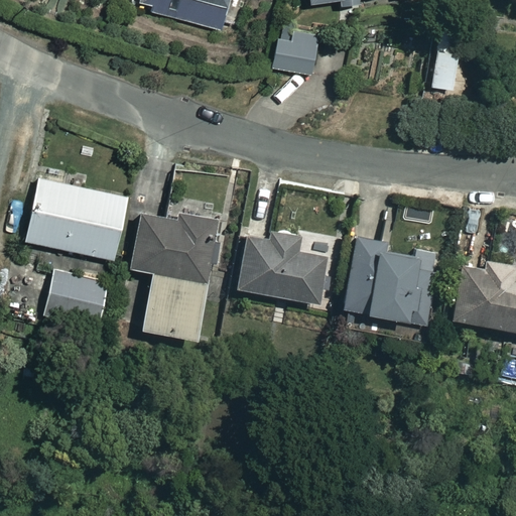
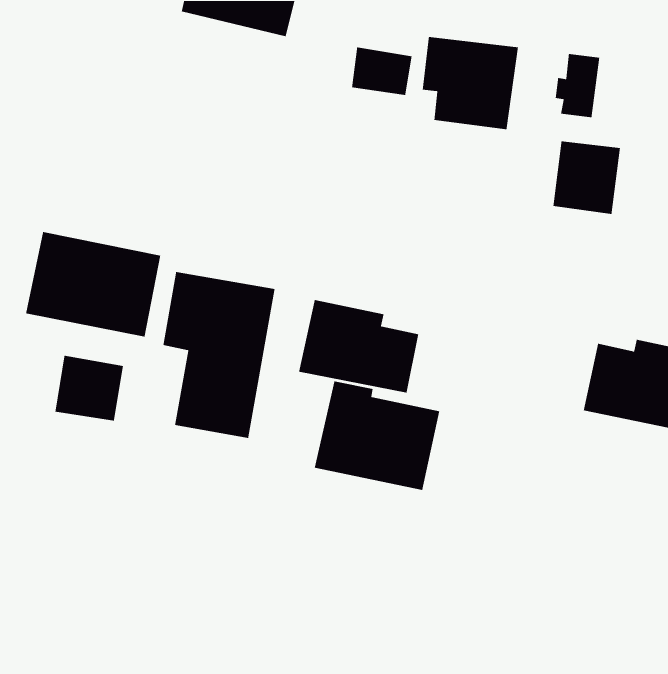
building: none -> [422,36,519,130]
building: none -> [552,141,621,215]
building: [341,237,436,320] -> [314,380,440,491]

